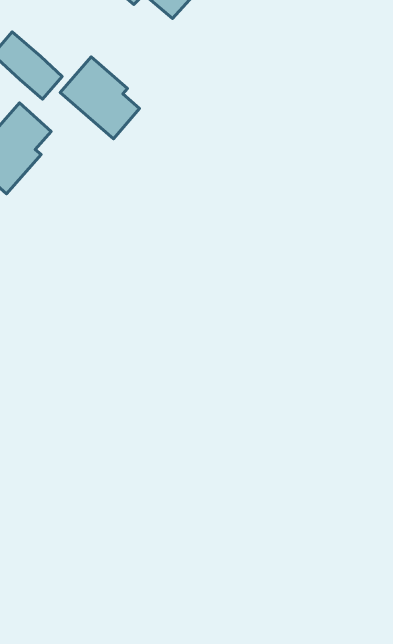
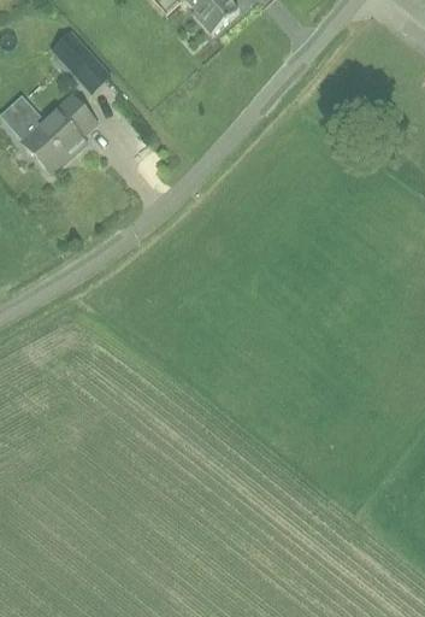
building: [60,57,140,139] -> none

